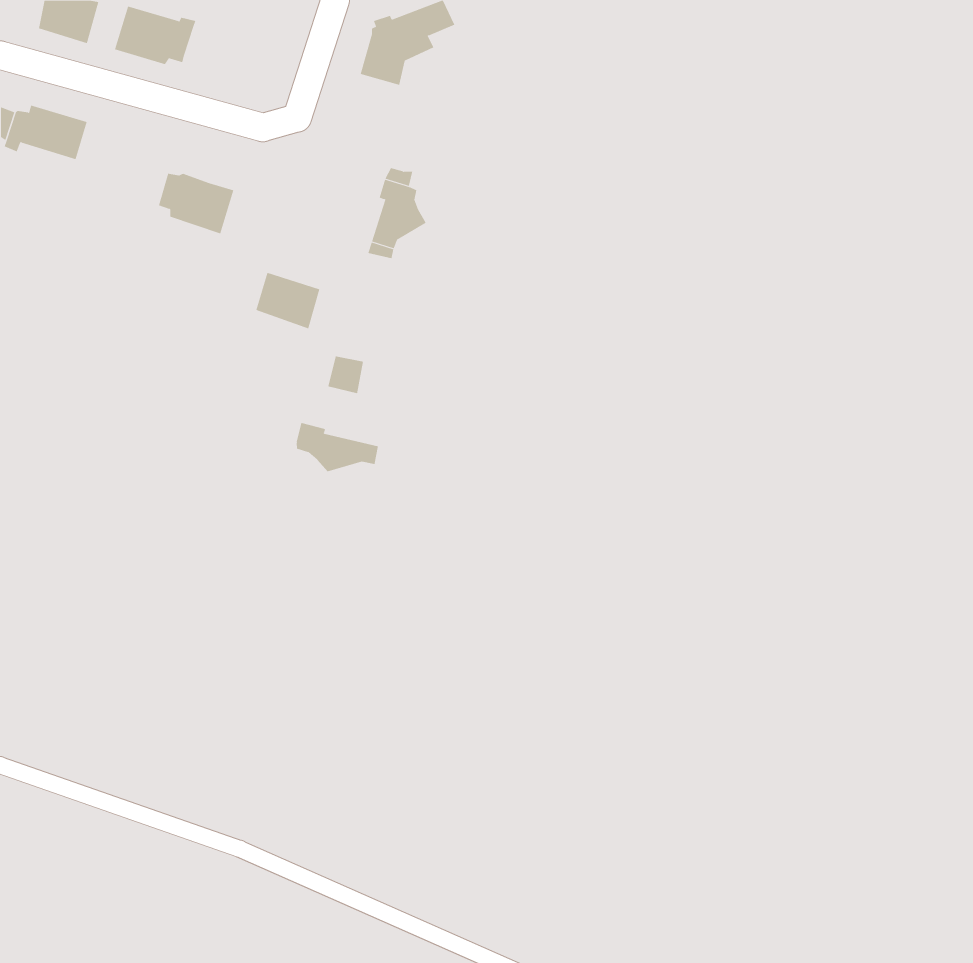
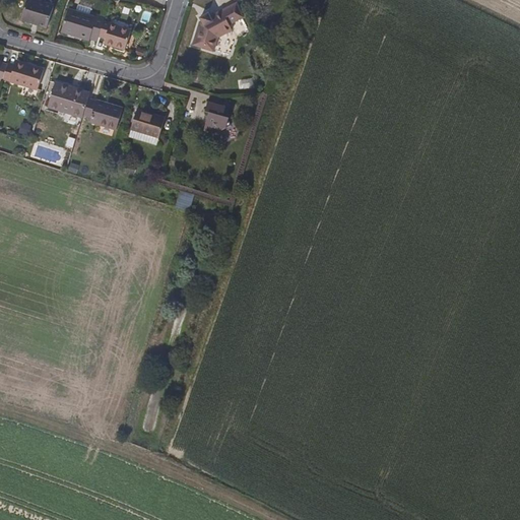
building: none -> [99,19,132,50]
building: none -> [49,81,91,123]
building: [256,272,320,329] -> [131,109,166,139]
building: [296,422,378,472] -> none

